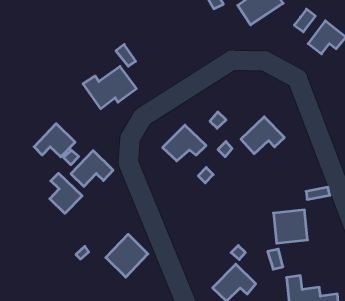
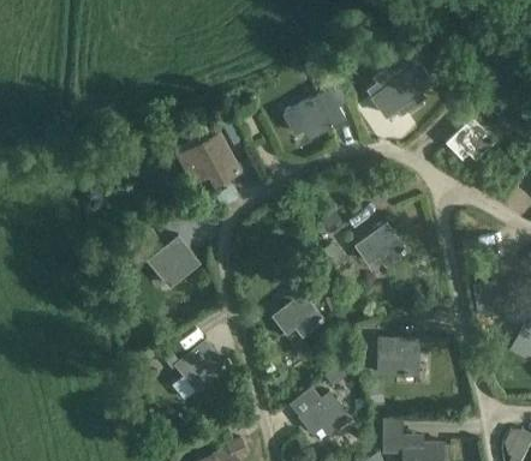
building: none -> [285,90,346,134]
building: [34,124,75,157] -> none
building: [163,125,206,161] -> [272,293,323,334]
building: [50,173,82,213] -> none

